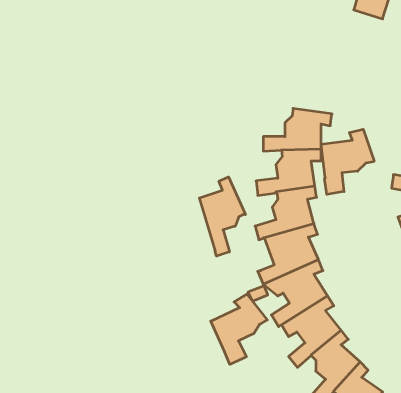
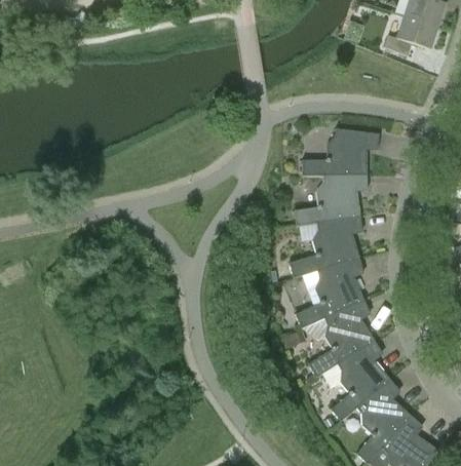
building: none -> [384,15,437,55]
building: [321,129,374,194] -> none
building: [199,177,245,256] -> none
building: [211,294,267,364] -> none

